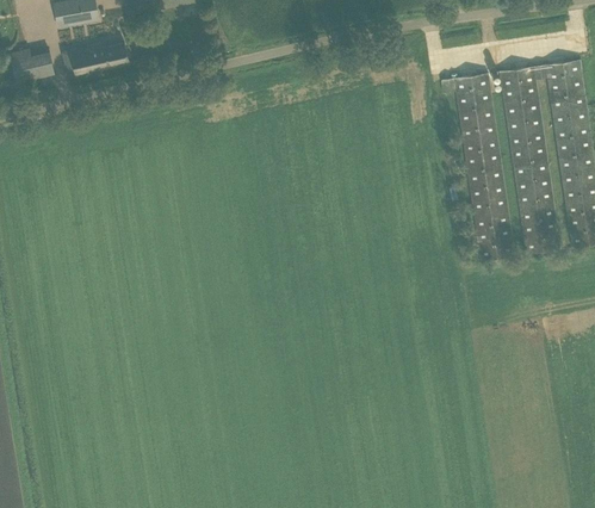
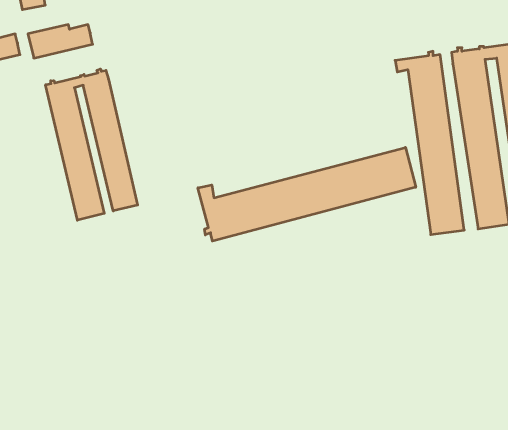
building: none -> [46,69,138,220]
building: none -> [198,147,416,241]

